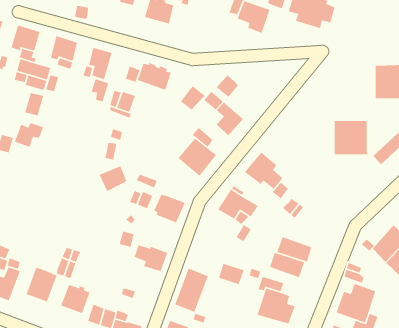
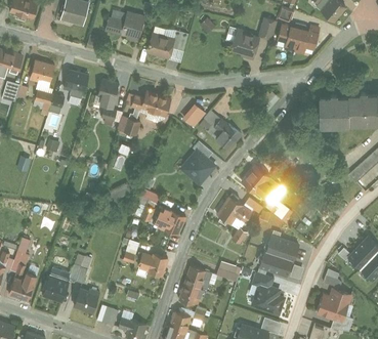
building: [334,120,369,155] -> [323,92,353,123]

